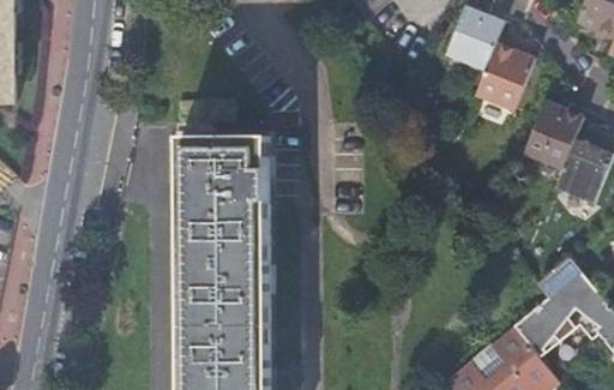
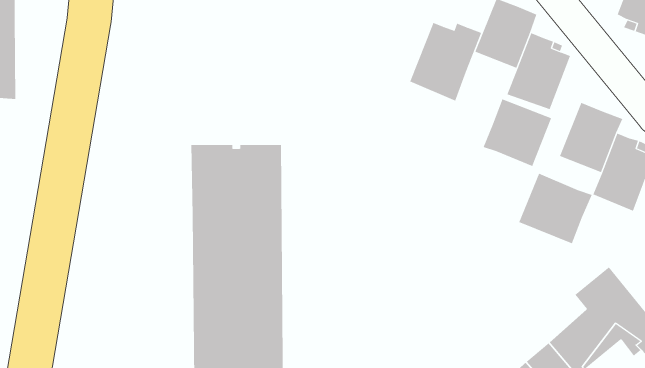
building: none -> [410,22,482,101]
building: none -> [483,98,552,167]
building: none -> [519,173,593,244]

